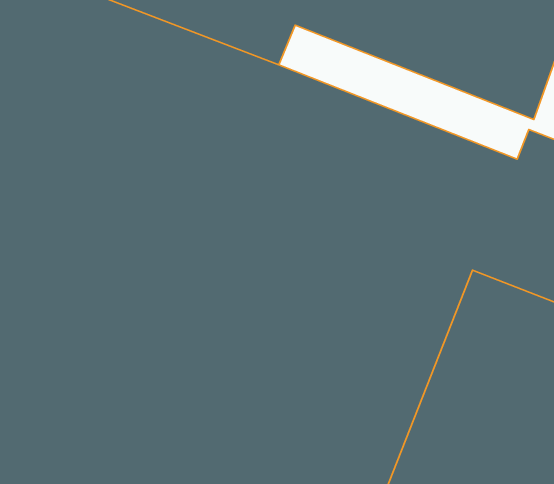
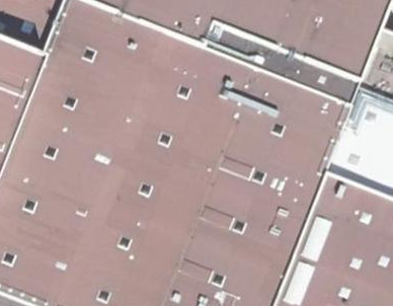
building: none -> [204,24,360,106]

